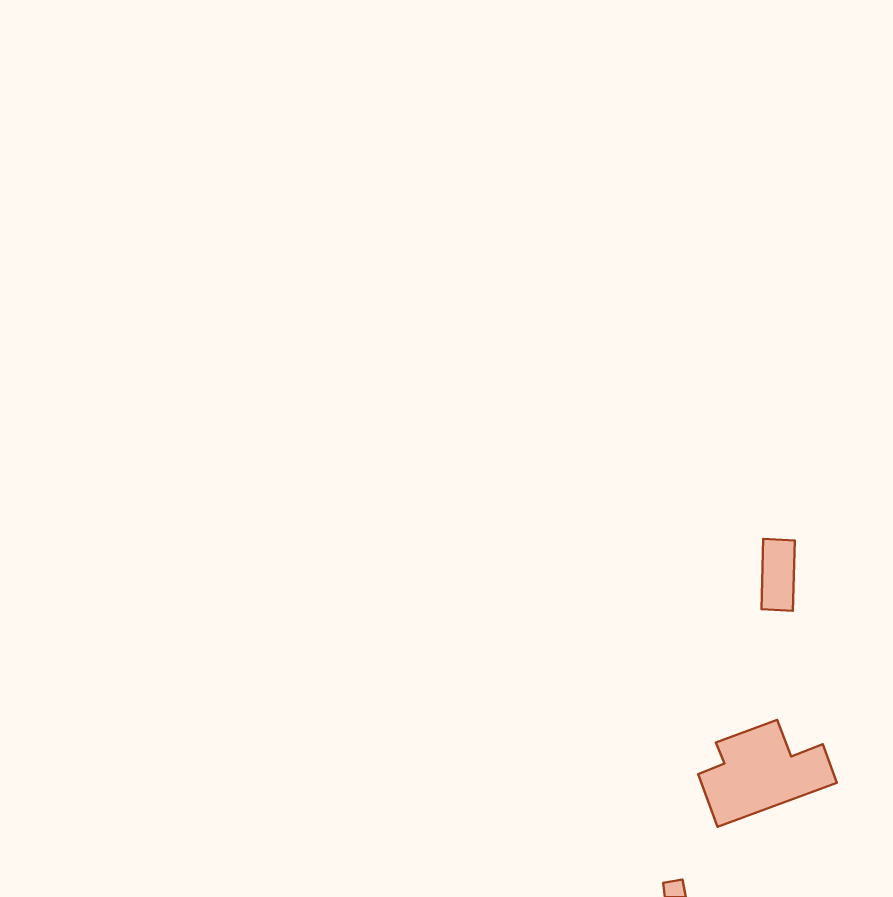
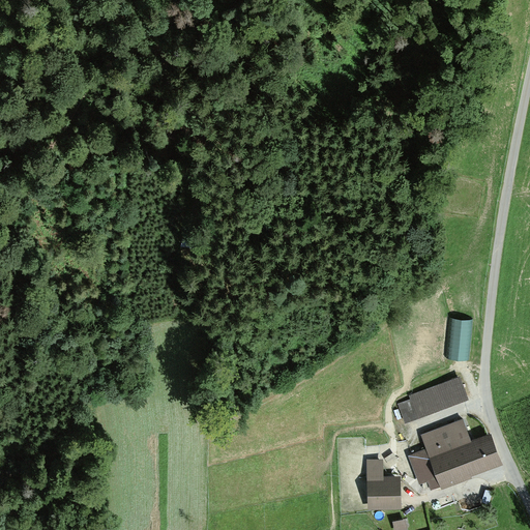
building: none -> [401,381,463,418]
building: none -> [369,462,396,506]

